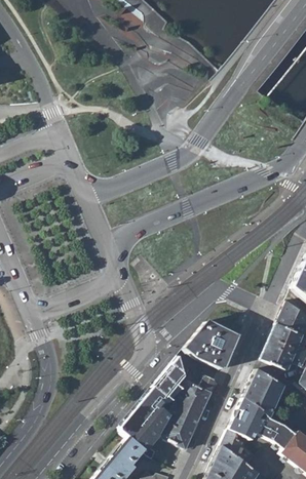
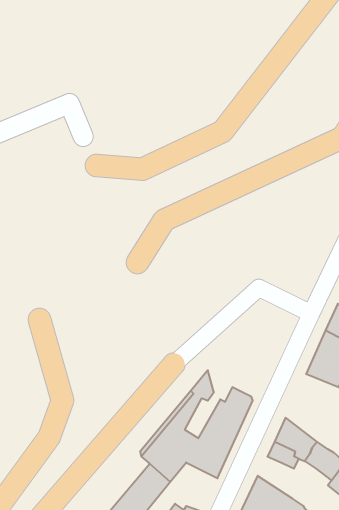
building: [186,320,237,368] -> none
building: [244,367,285,416] -> none
building: [221,429,255,465] -> none

